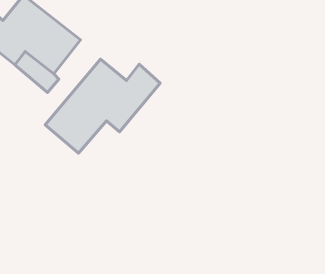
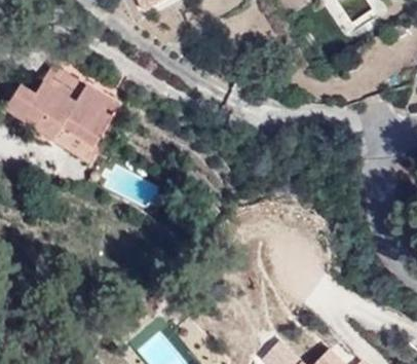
building: [45,59,160,153] -> none

